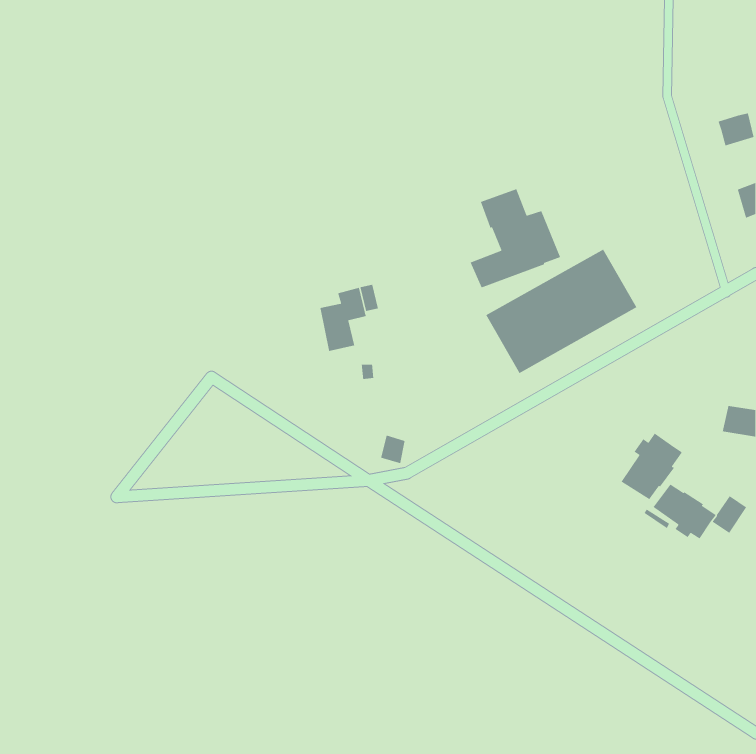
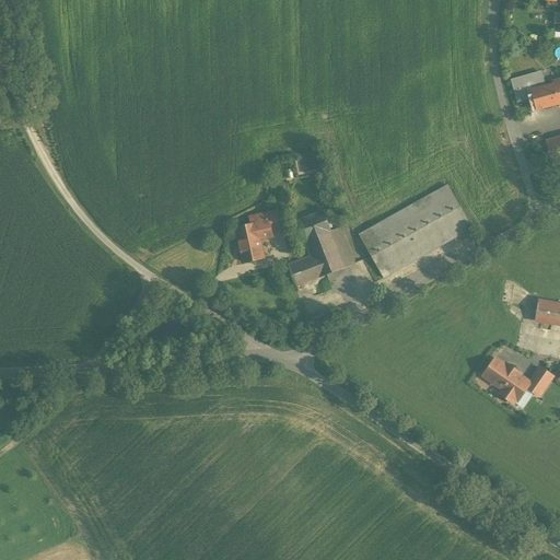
building: none -> [512,71,545,101]
building: [469,188,561,289] -> [288,210,355,284]
building: [621,433,683,500] -> none

